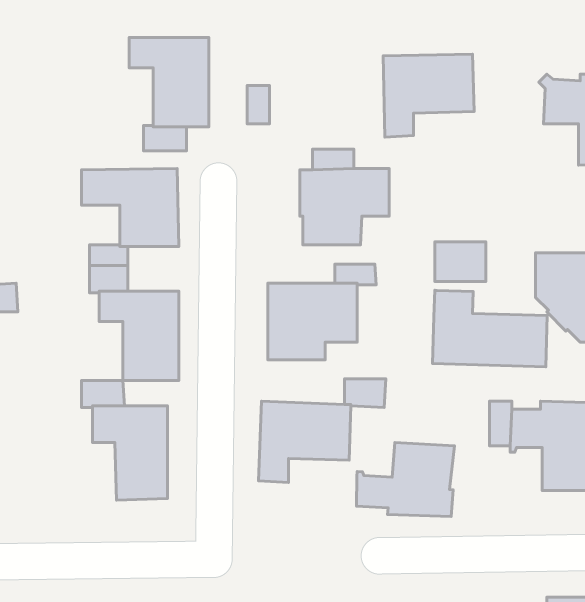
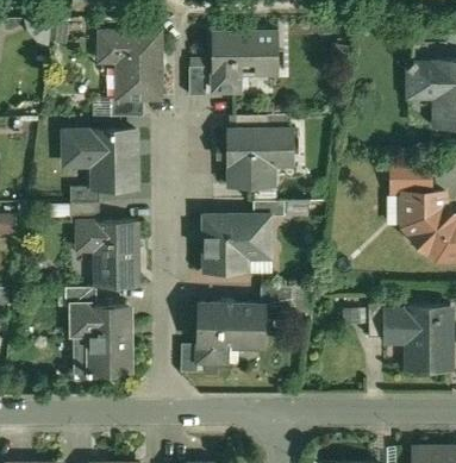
building: [383,54,474,137] -> [211,31,279,93]
building: [435,242,486,282] -> [392,163,430,193]
building: [433,290,547,367] -> none
building: [356,443,455,517] -> none

